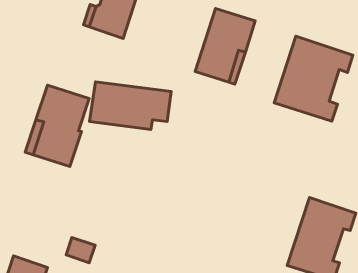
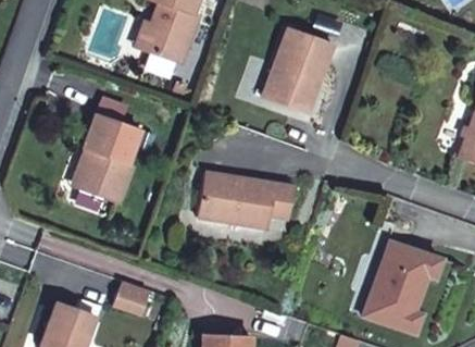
building: [274,36,353,121] -> none
building: [90,82,171,129] -> [202,173,293,226]

